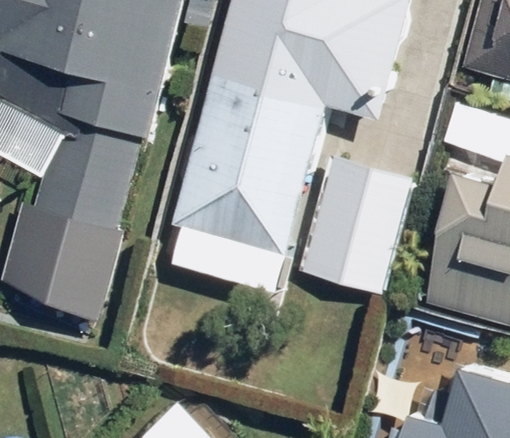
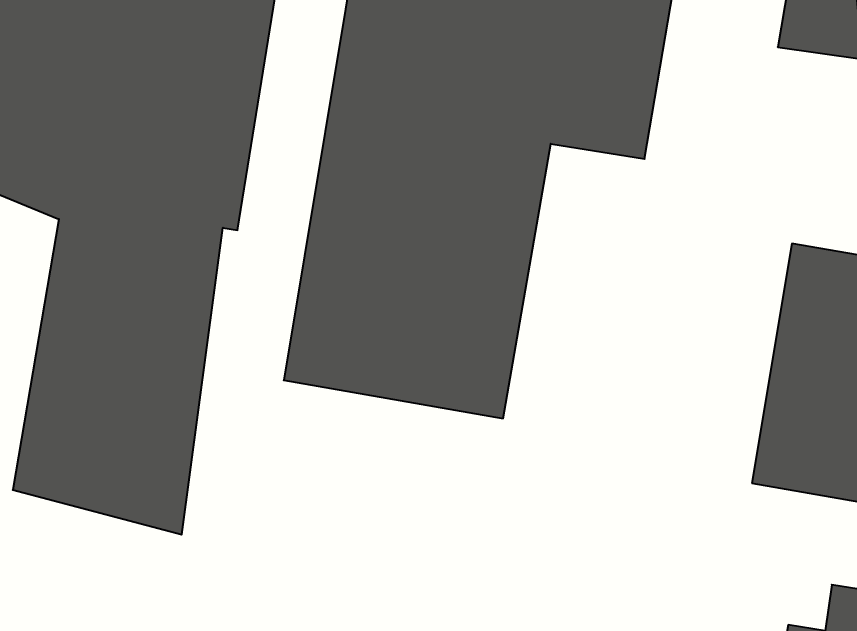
building: [304,165,413,294] -> none

